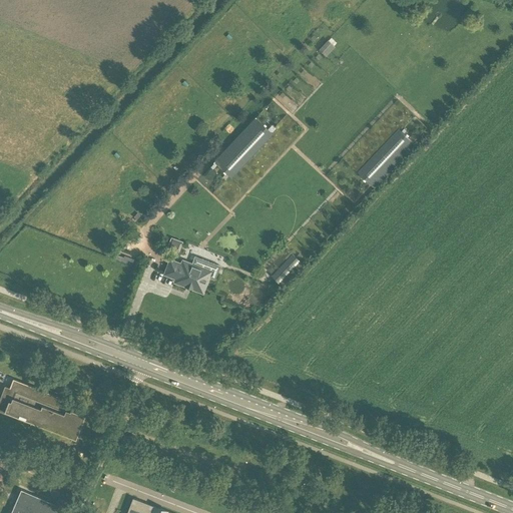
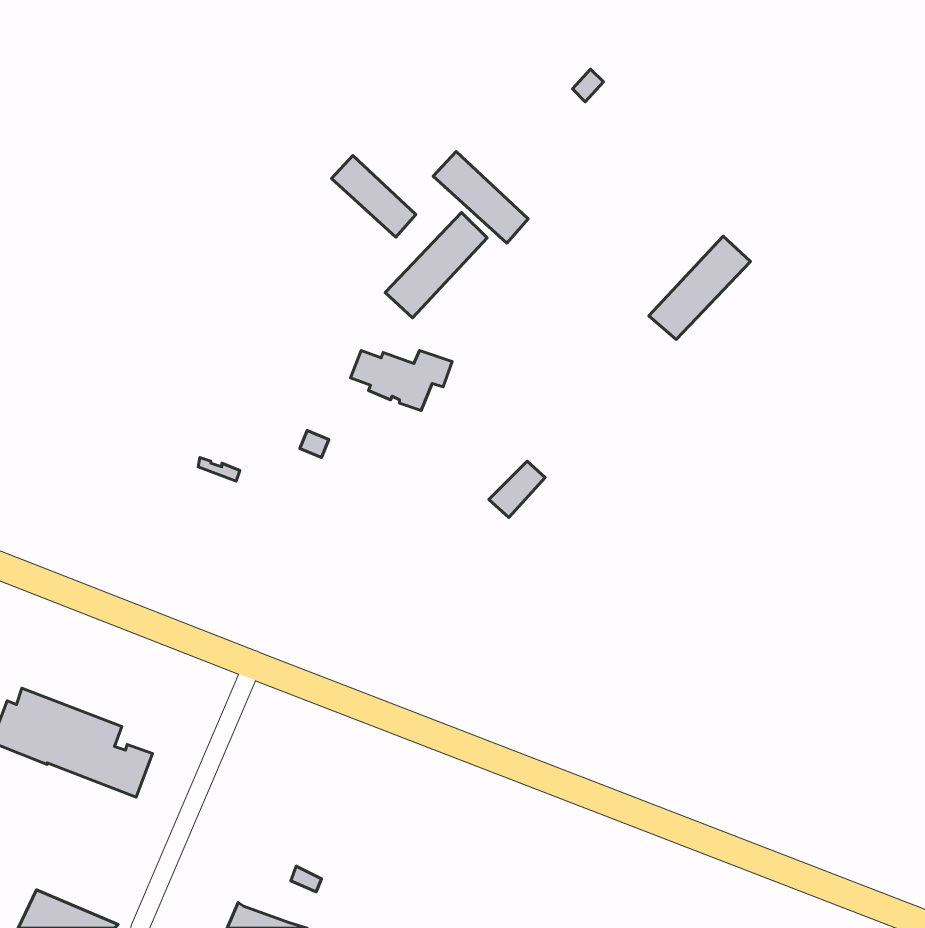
building: none -> [433,152,528,243]
building: none -> [332,156,416,237]
building: [162,260,218,293] -> [350,351,452,411]

